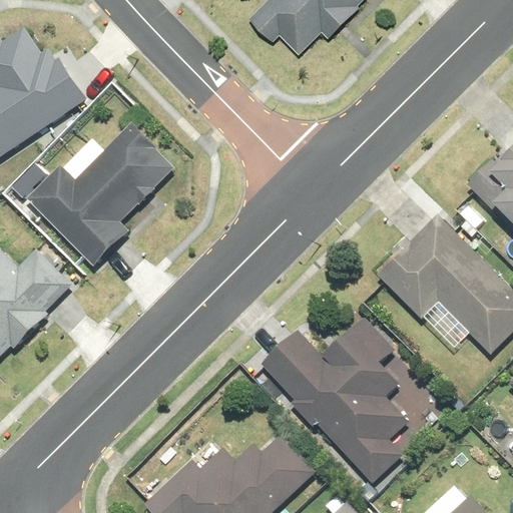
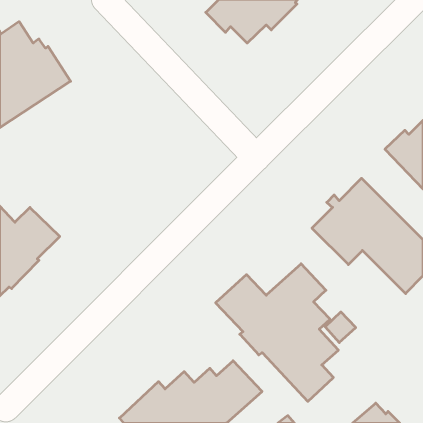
building: [25,123,173,268] -> none

